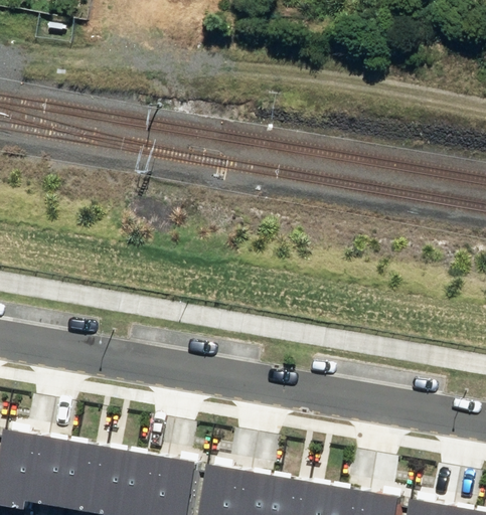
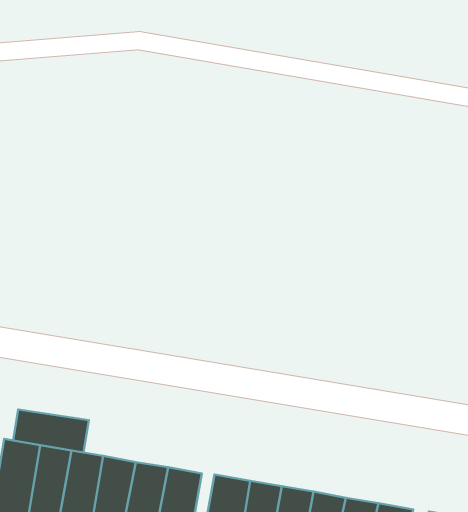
building: none -> [13,409,89,452]

